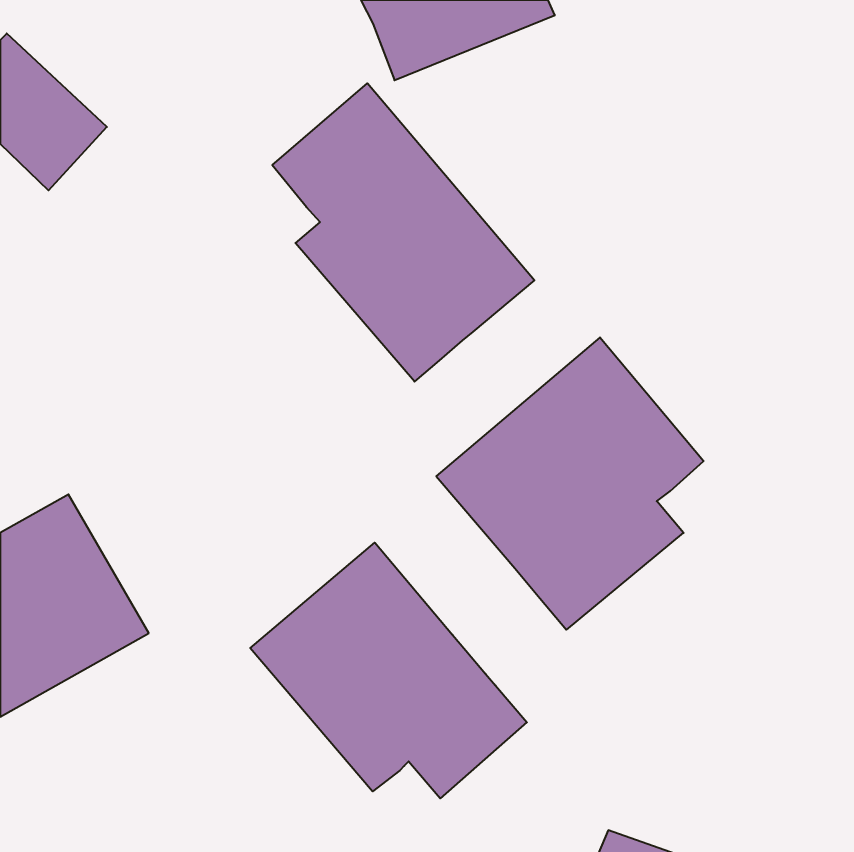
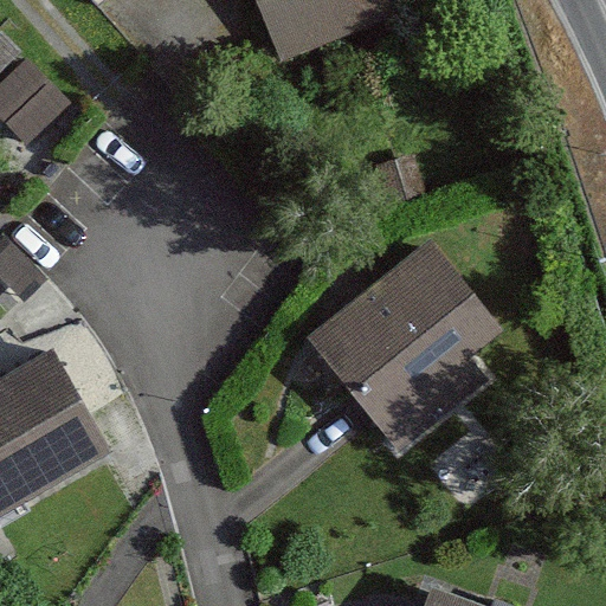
building: [272,83,534,382] -> none
building: [250,543,527,798] -> none

